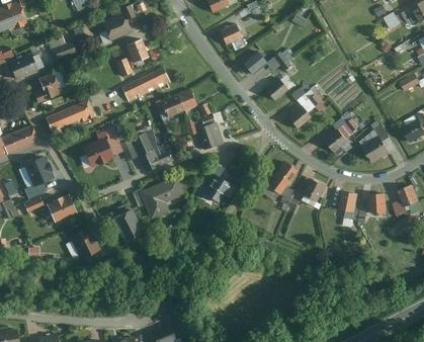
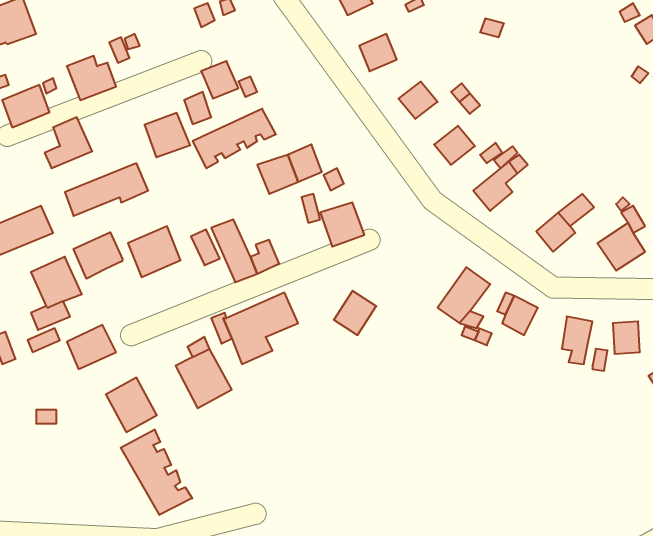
building: [101,13,129,39] -> [144,113,190,157]
building: none -> [73,232,122,279]
building: none -> [121,429,192,515]

